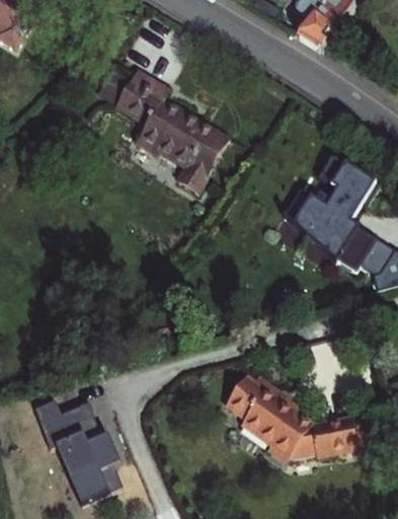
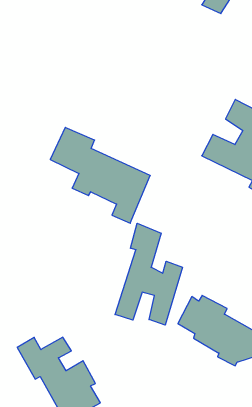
building: [115,70,230,192] -> [50,127,150,223]
building: none -> [115,223,183,325]

